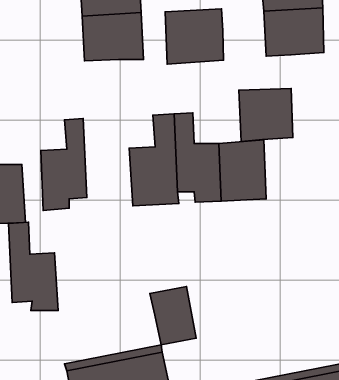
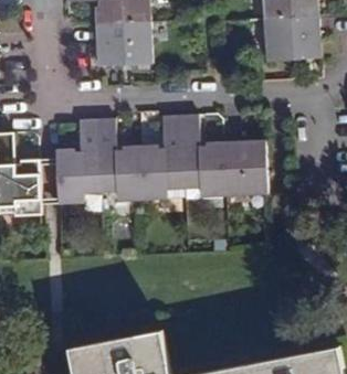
building: [165,9,223,64] -> none
building: [239,89,293,142] -> none
building: [9,222,58,311] -> [95,118,141,201]
building: [150,286,196,345] -> none

